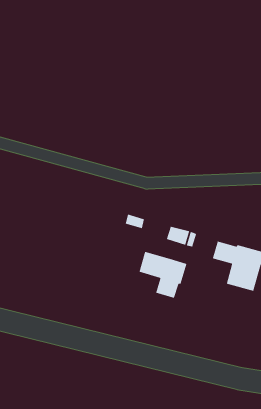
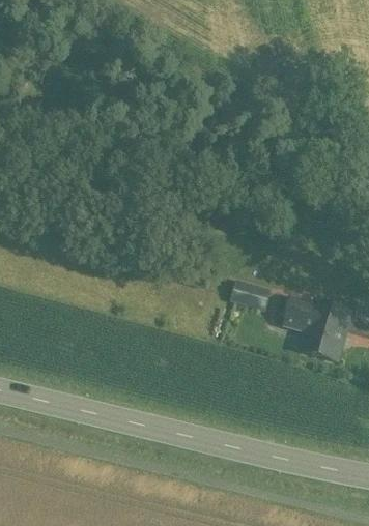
building: [138,251,187,299] -> none

